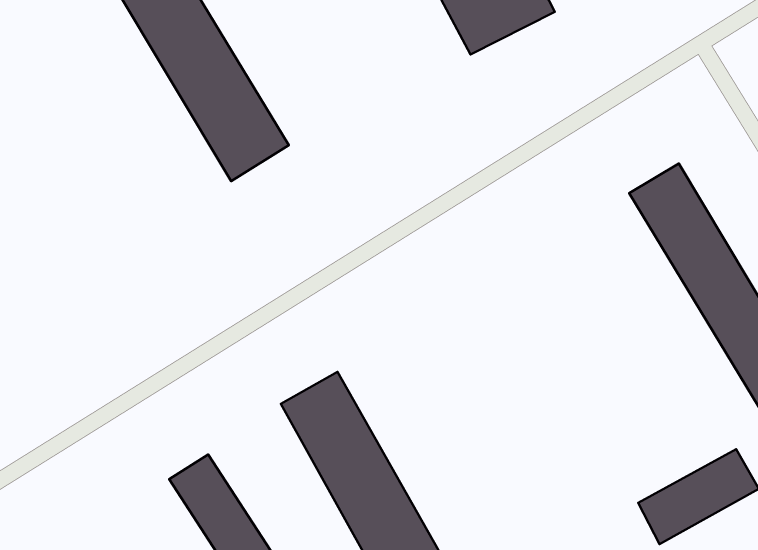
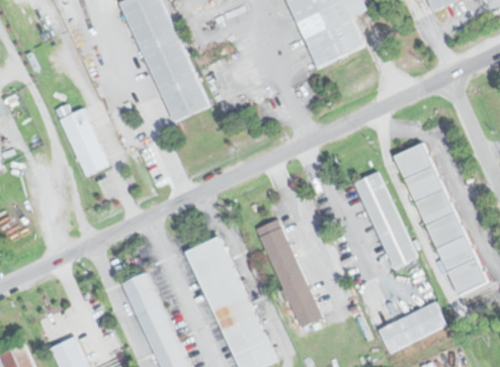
building: none -> [60,107,109,176]
building: none -> [355,171,415,268]
building: none -> [262,225,321,328]

